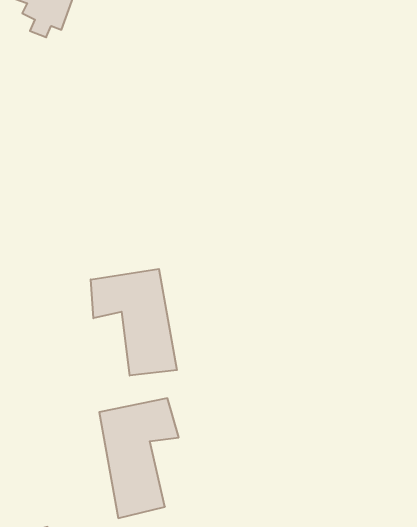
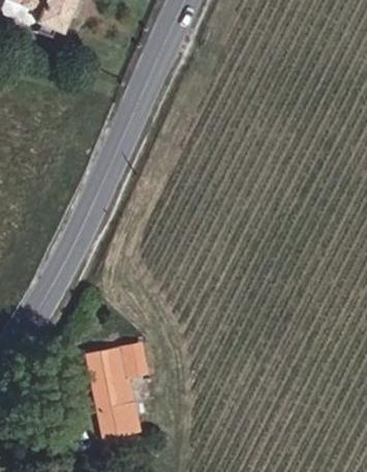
building: [91,269,177,376] -> none

